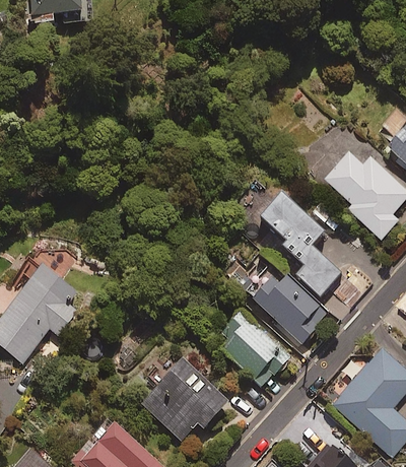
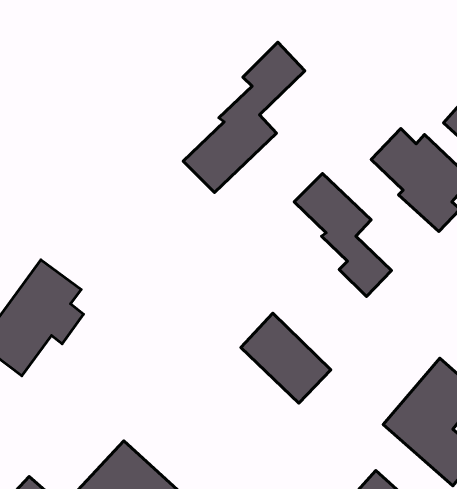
building: none -> [183,42,305,192]
building: [244,266,329,342] -> none
building: [138,357,227,441] -> none

